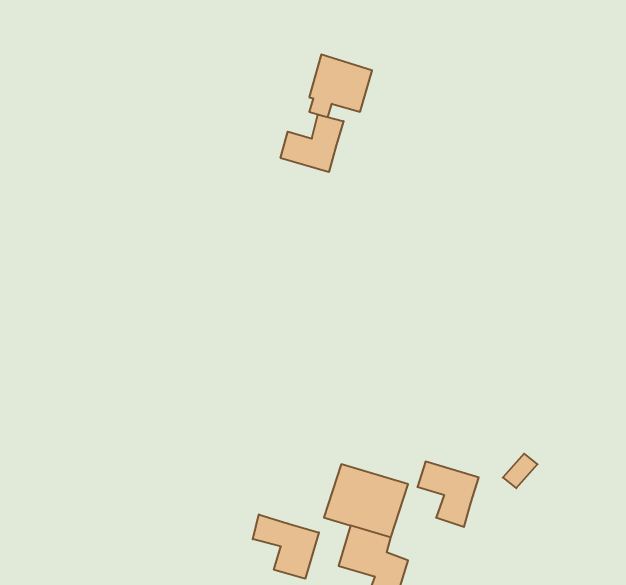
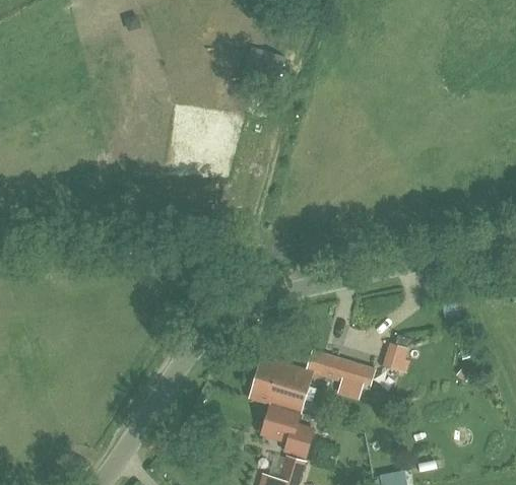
building: [281,115,344,172] -> none
building: [253,514,319,579] -> none

